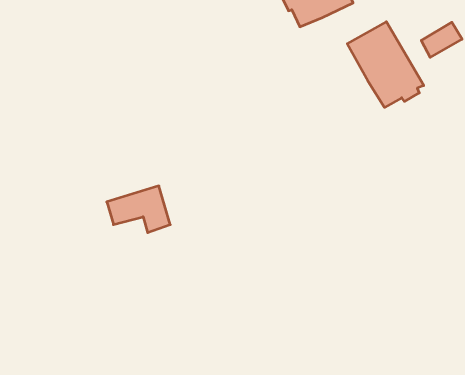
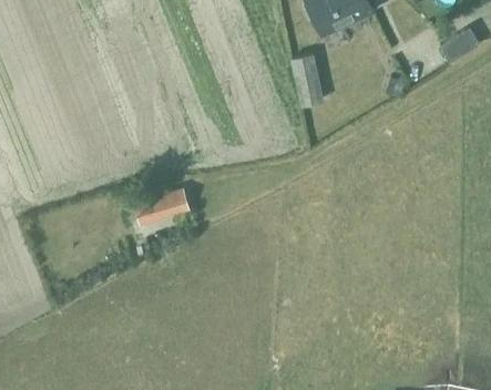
building: [347,22,424,107] -> none
building: none -> [291,54,323,105]

